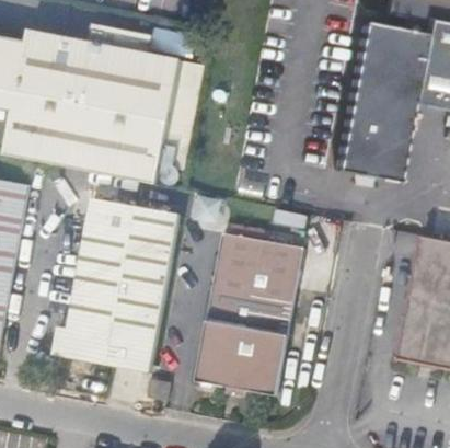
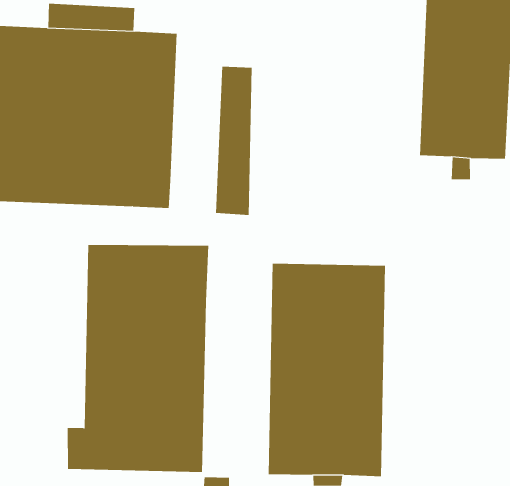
building: [160,58,203,168] -> [215,66,252,216]

